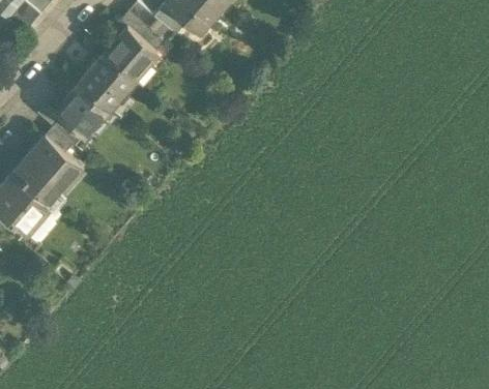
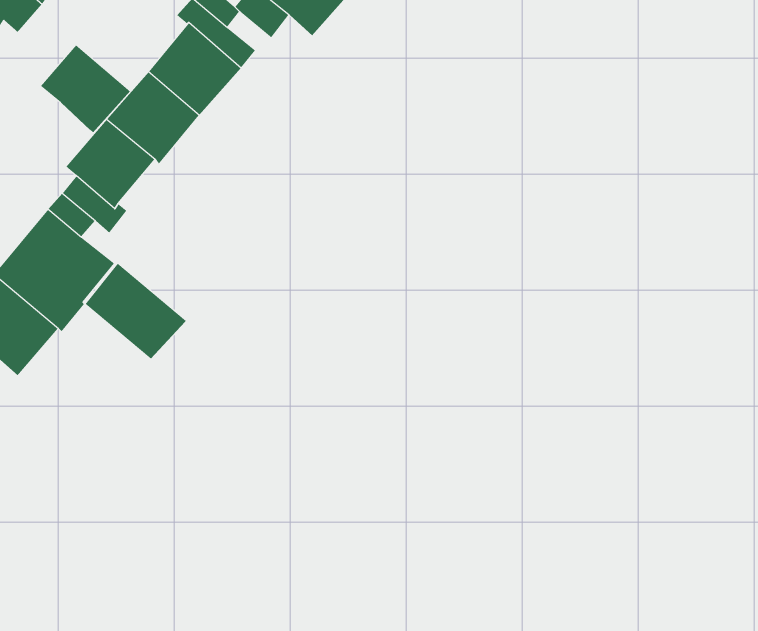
building: none -> [40,44,131,133]
building: none -> [85,263,187,360]

